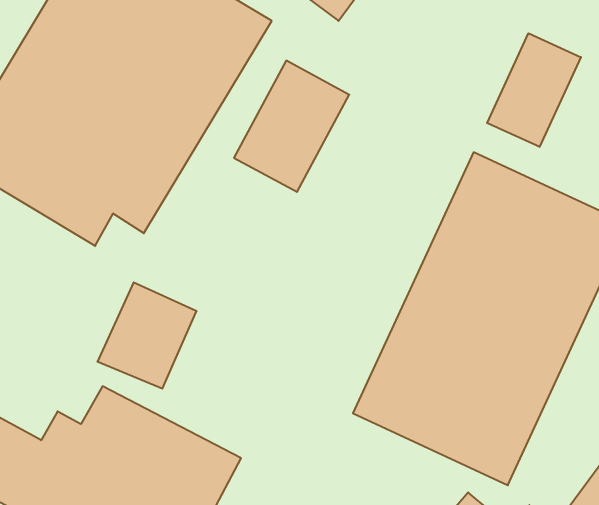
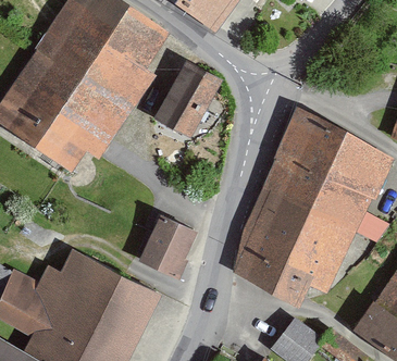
building: [487,33,581,147] -> none
building: [97,282,197,389] -> [134,215,194,279]

